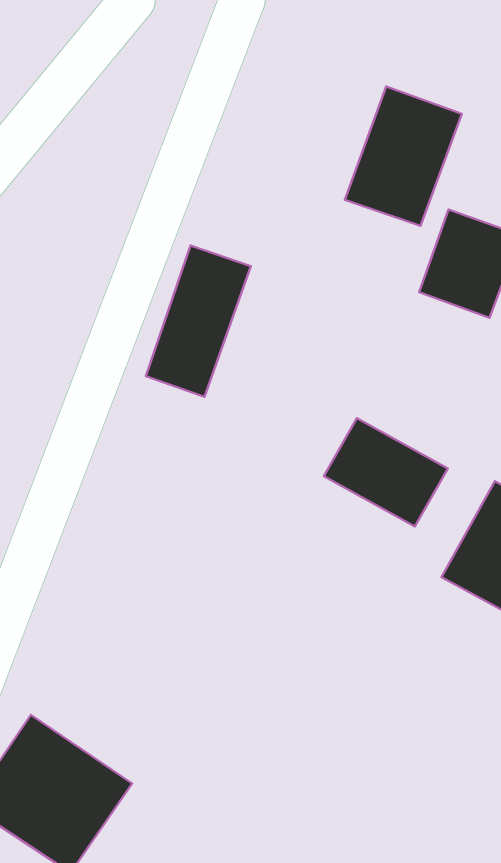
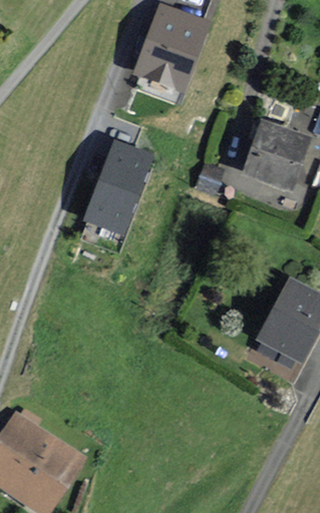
building: [345,86,462,226] -> [139,7,208,88]
building: [324,418,448,527] -> none

